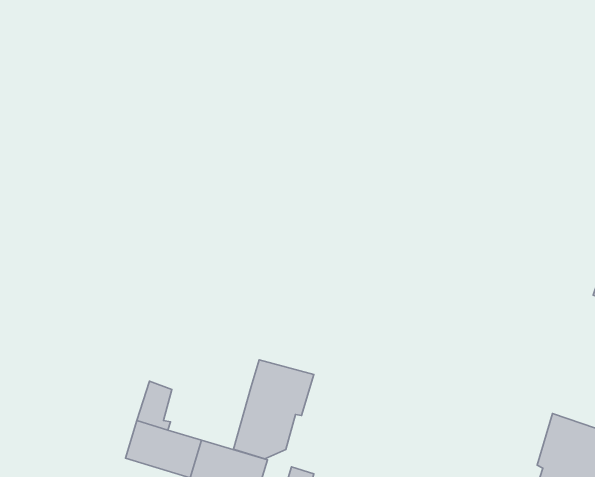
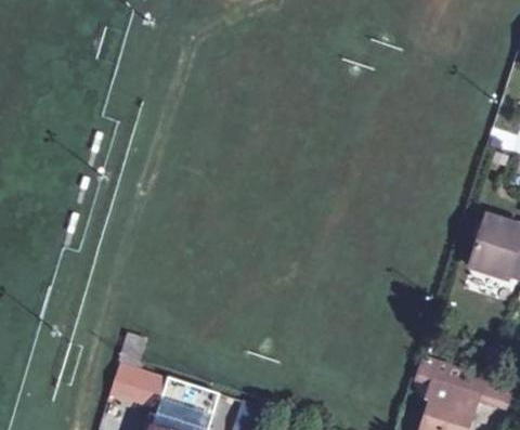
building: [234,360,314,459] -> none

